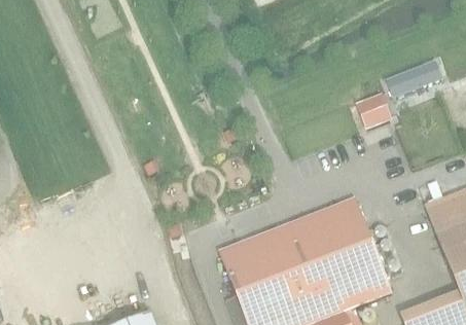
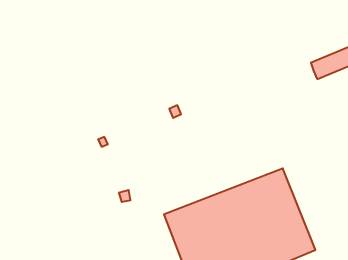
building: [359,98,391,127] -> none

